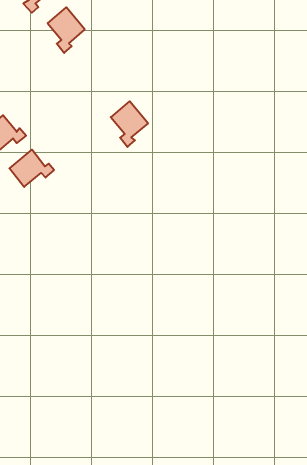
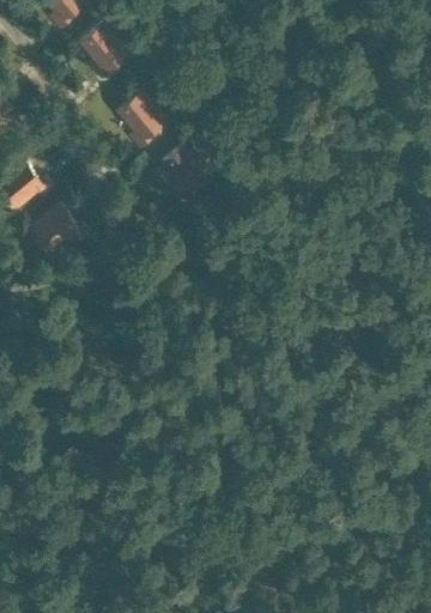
building: none -> [119,92,166,150]

